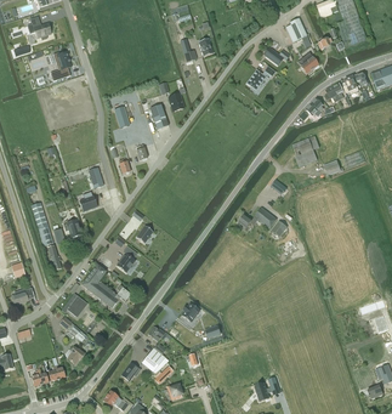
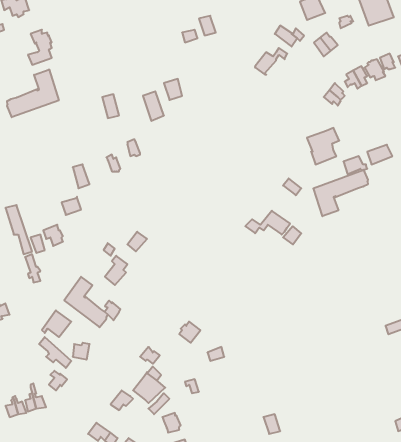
building: none -> [7,69,59,117]
building: none -> [313,170,368,216]

